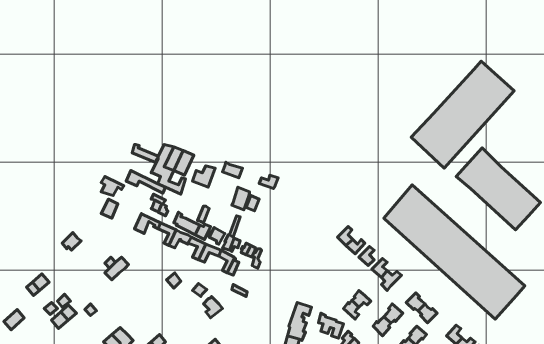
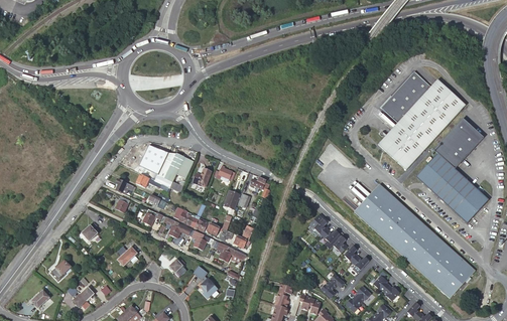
building: none -> [380,70,431,124]
building: none -> [433,118,484,169]

